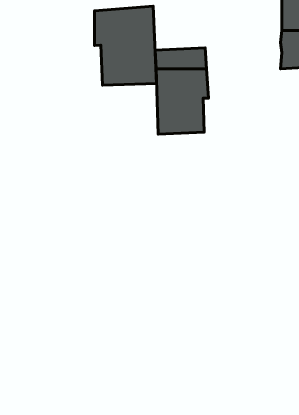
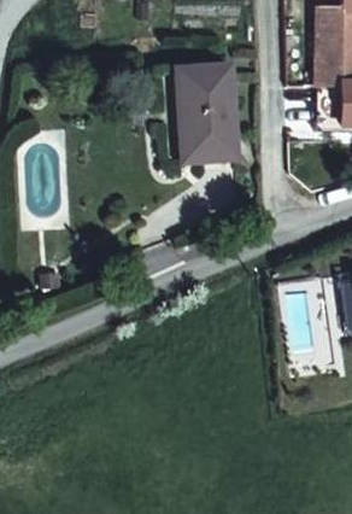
building: [94,6,157,85] -> none

